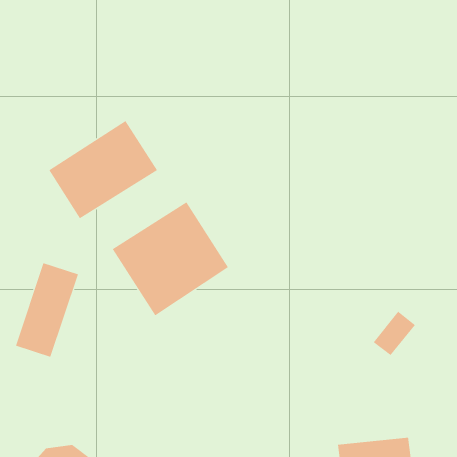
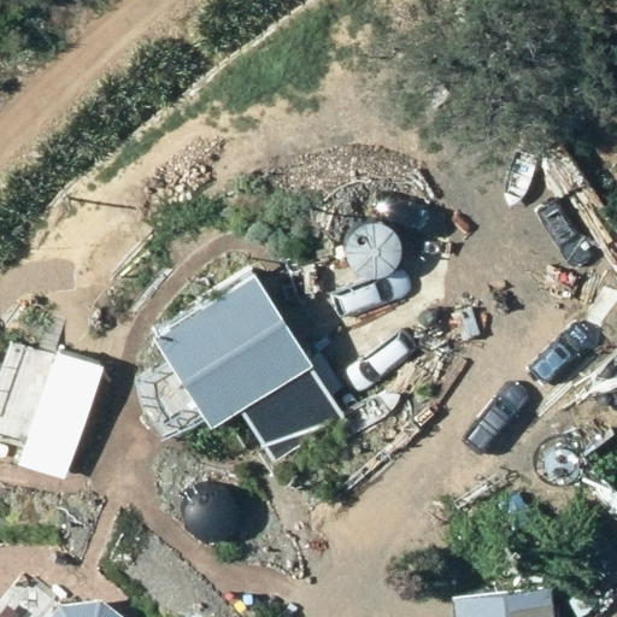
building: [48,120,158,219] -> none

